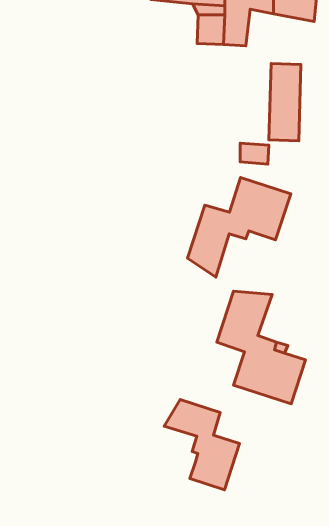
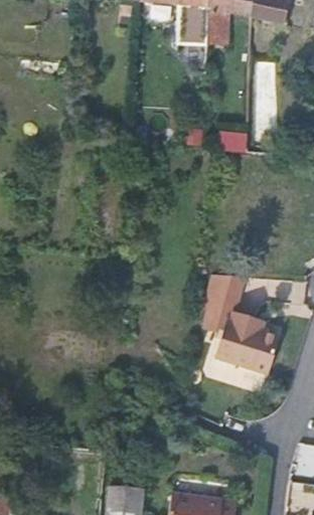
building: [187,177,291,277] -> none
building: [164,399,240,490] -> none

